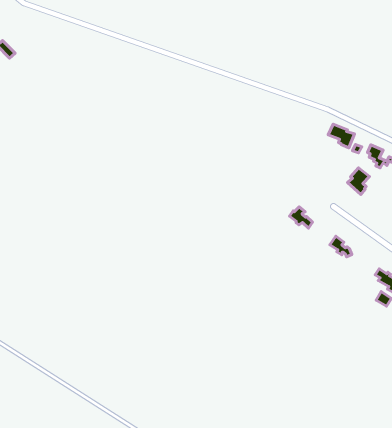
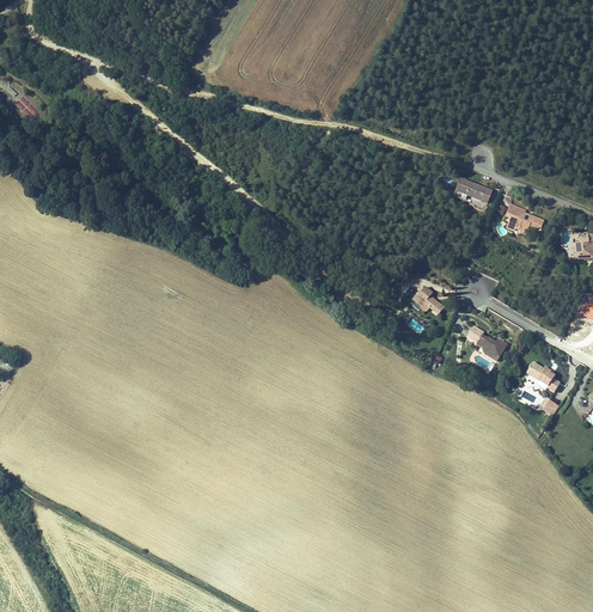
building: [347,168,370,194] -> none

